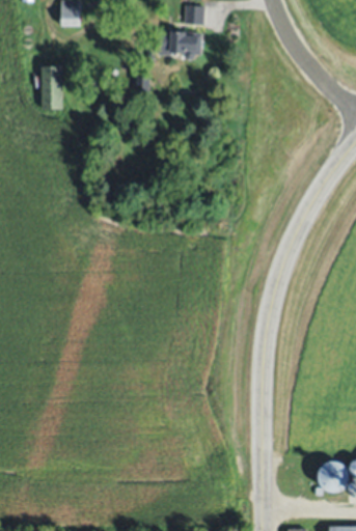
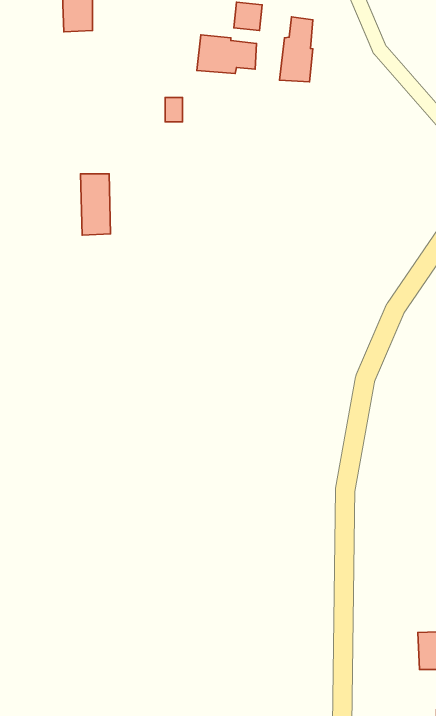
building: none -> [280,17,313,82]
building: [40,69,62,114] -> [81,174,111,235]

